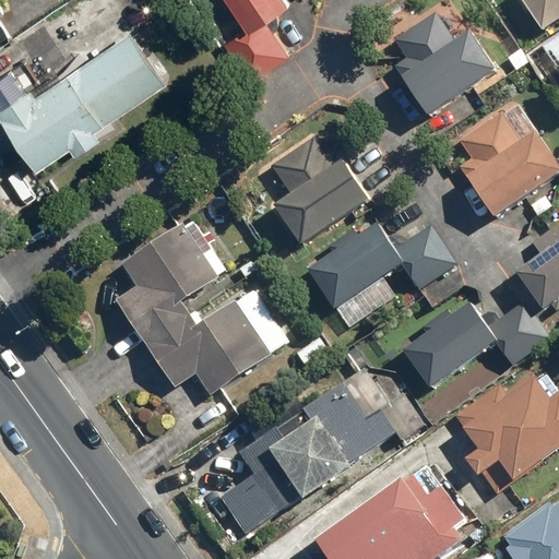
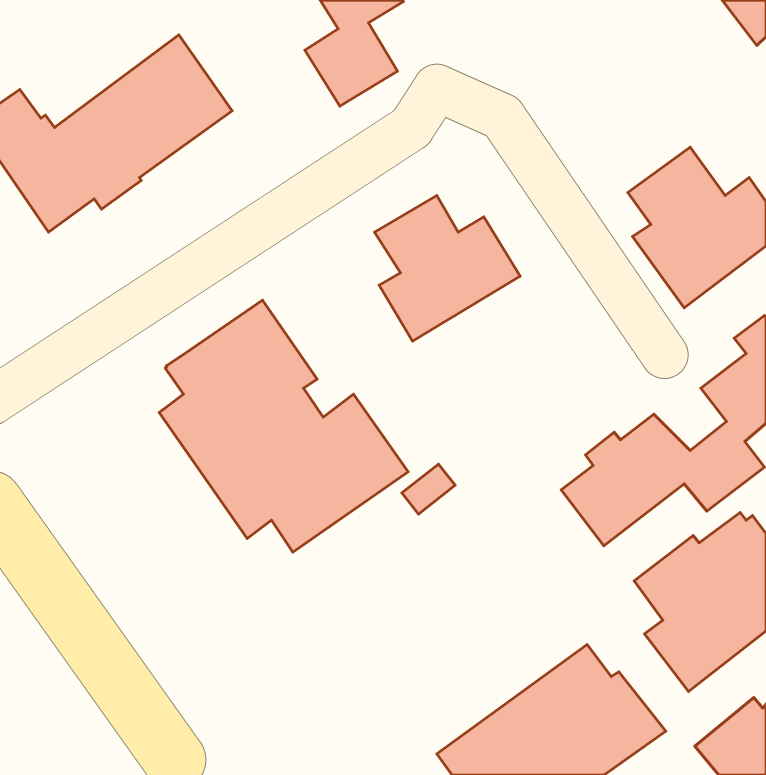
building: [394,12,499,116] -> none
building: [301,198,459,330] -> none
building: [218,368,418,534] -> none

